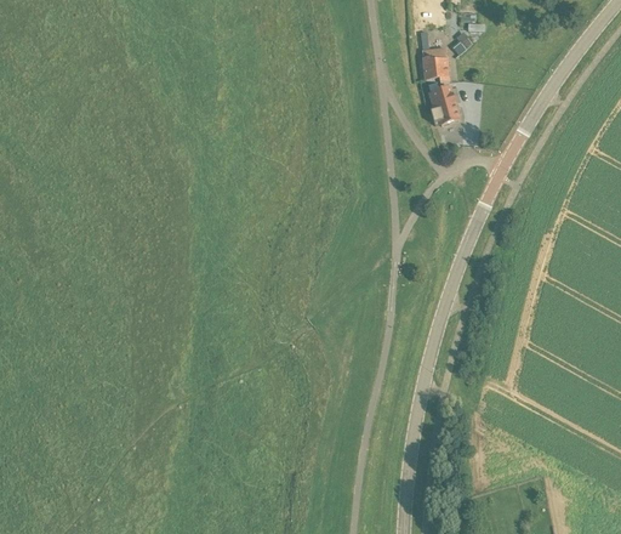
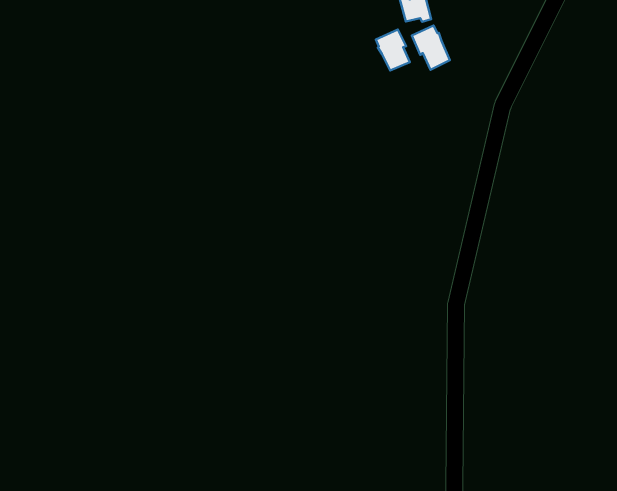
building: none -> [376,29,410,71]

